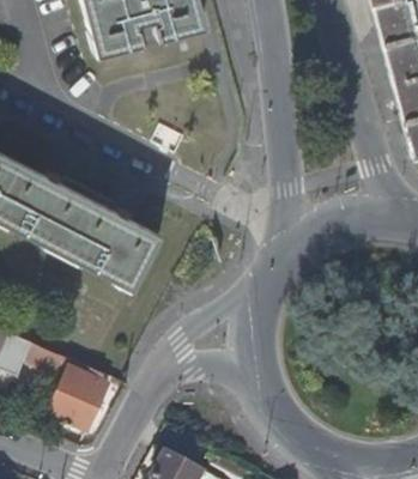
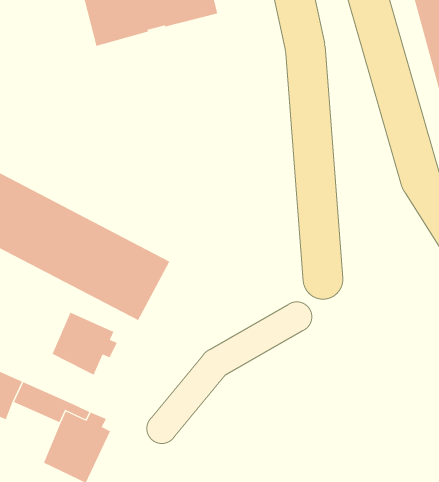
building: none -> [52,312,118,375]

